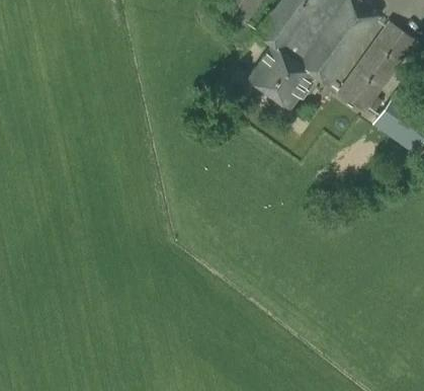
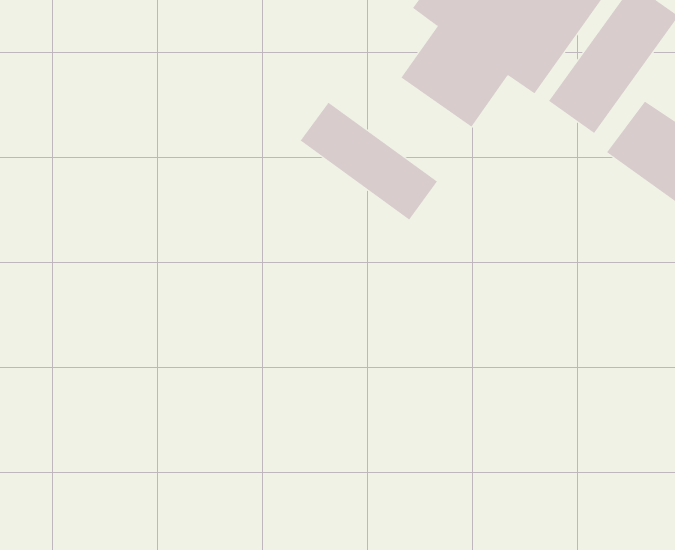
building: none -> [300,102,438,220]

